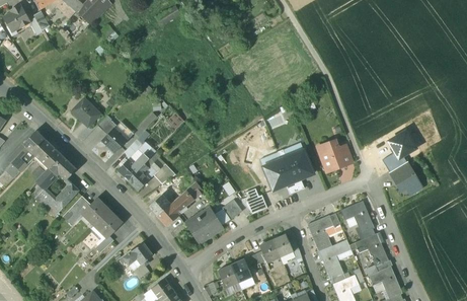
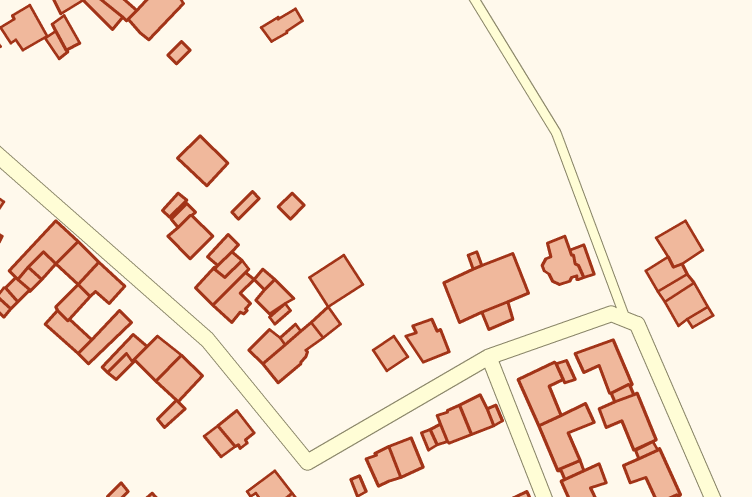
building: [71,97,100,127] -> [178,136,228,186]
building: [188,210,220,240] -> [309,255,363,307]

